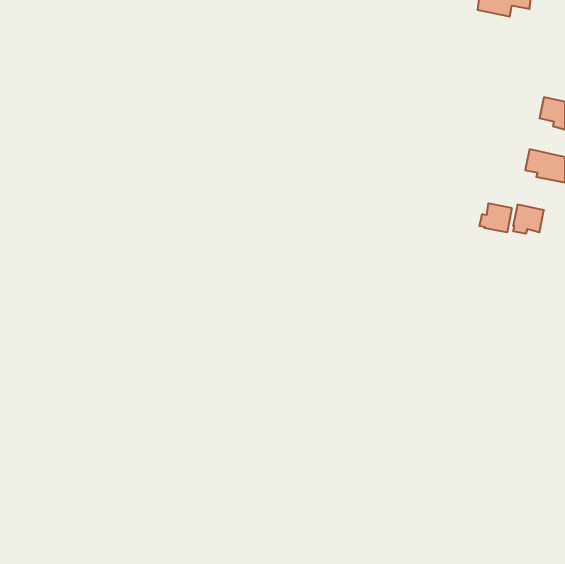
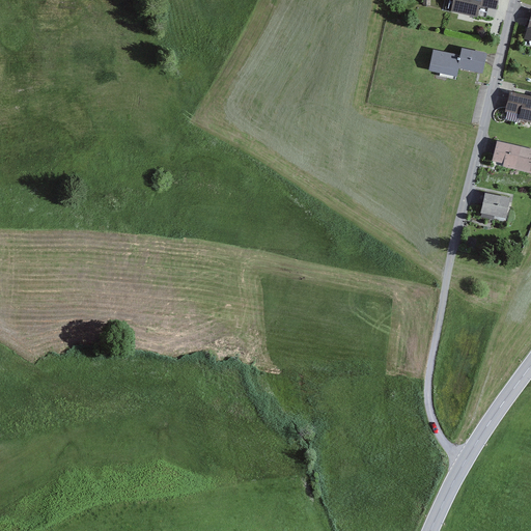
building: none -> [428,48,487,76]
building: [479,203,512,232] -> none

